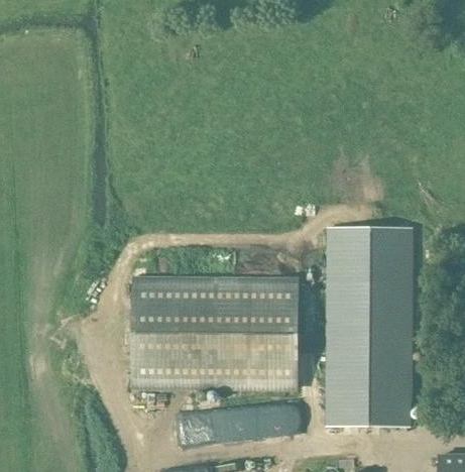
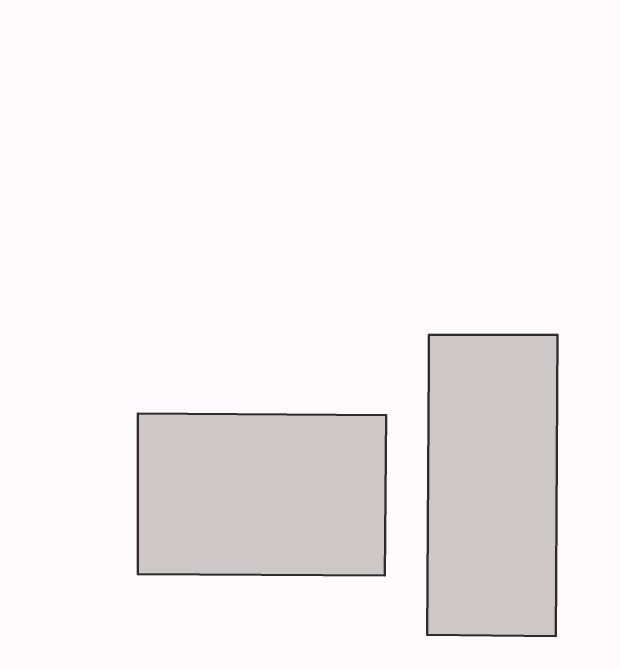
building: [178,402,301,444] -> none

